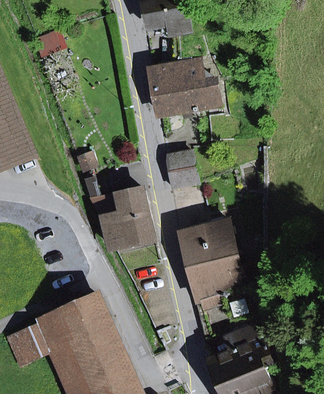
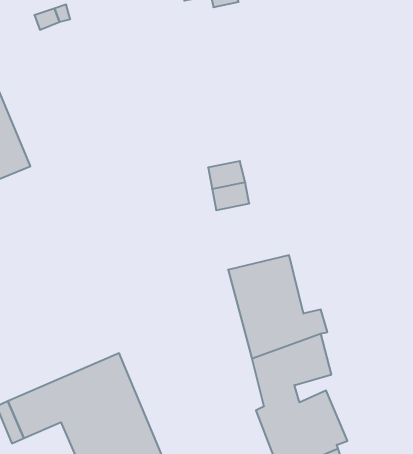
building: [150,60,219,114] -> none
building: [85,178,153,248] -> none

